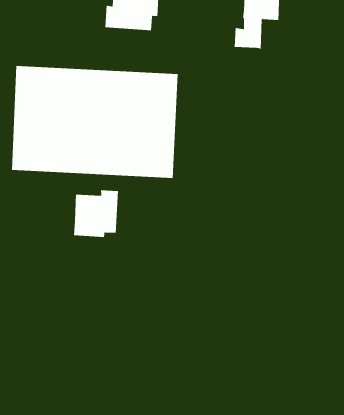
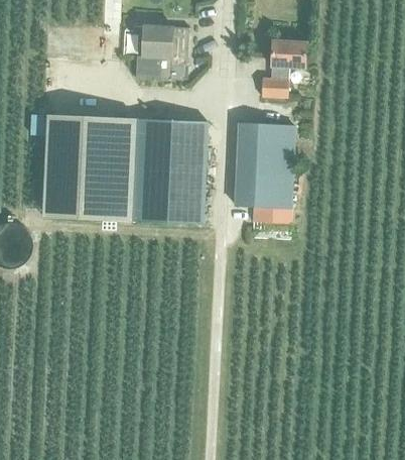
building: none -> [235,124,295,223]
building: [74,189,118,238] -> none

